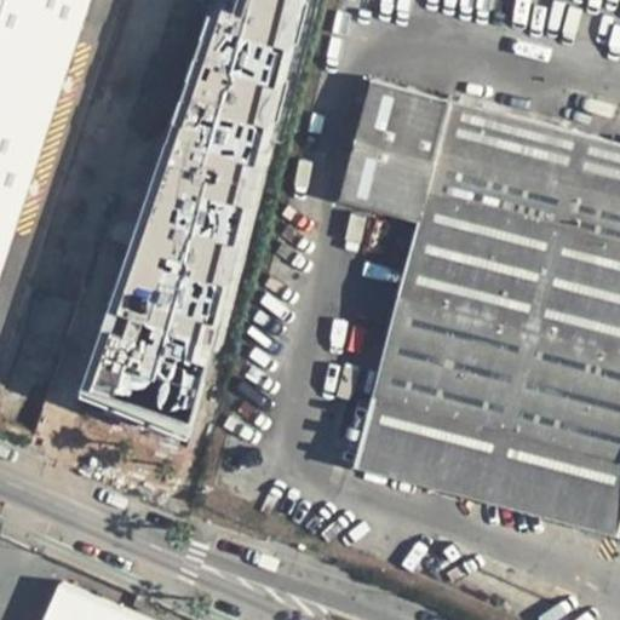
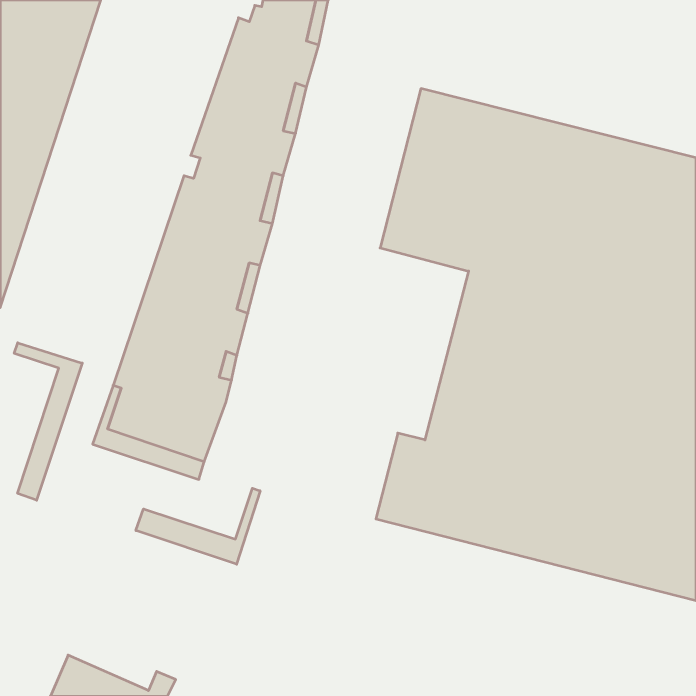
building: none -> [14,343,82,500]
building: none -> [136,488,260,564]

